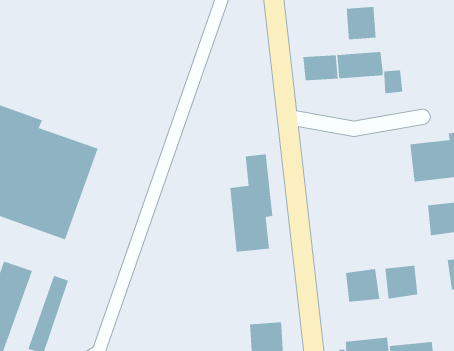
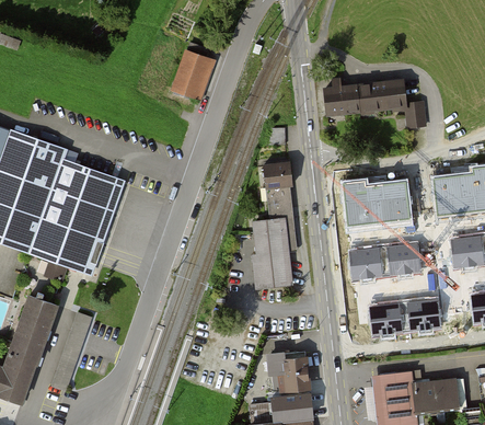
building: [346,6,376,40] -> none
building: none -> [172,53,213,100]
building: none -> [266,164,295,189]
building: none -> [344,179,413,226]
building: none -> [386,241,422,275]
building: none -> [350,246,384,280]

